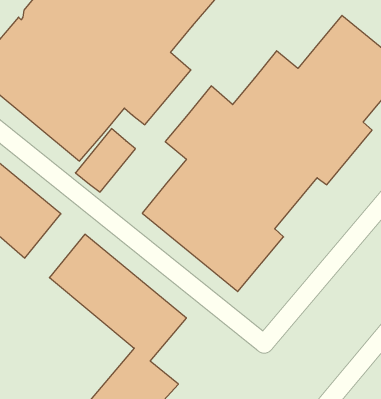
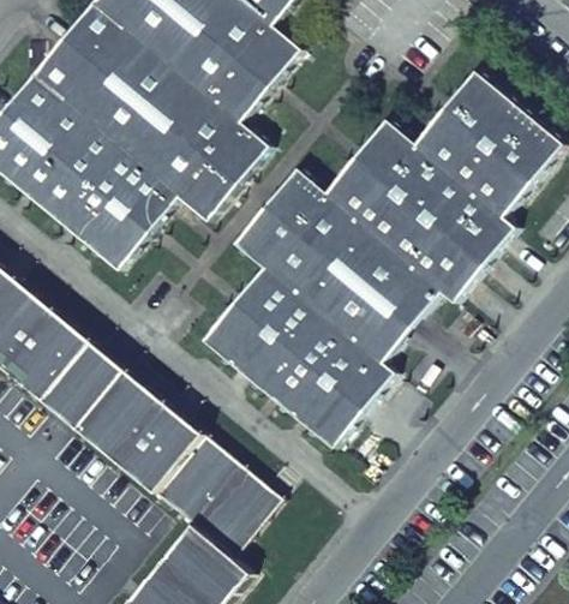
building: [75,129,135,192] -> [42,341,124,427]
building: none -> [212,483,281,557]

